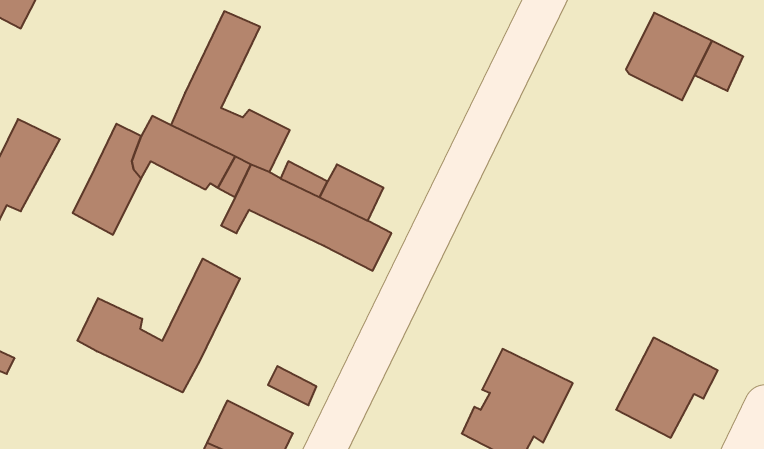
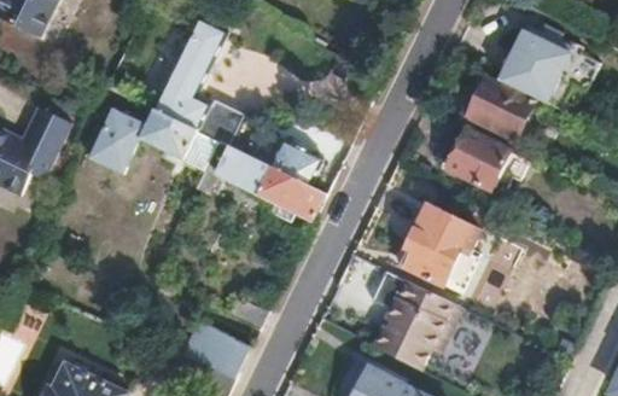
building: none -> [468,71,535,140]
building: none -> [444,128,526,190]
building: [77,259,240,392] -> none
building: [616,338,718,438] -> [398,205,477,283]

